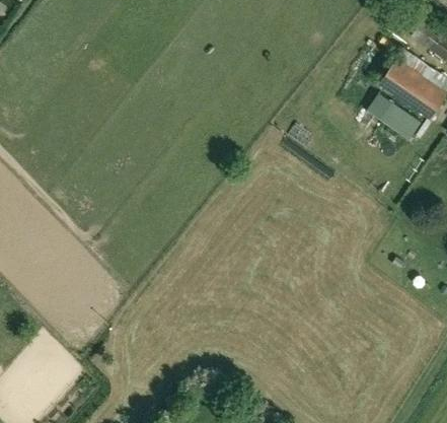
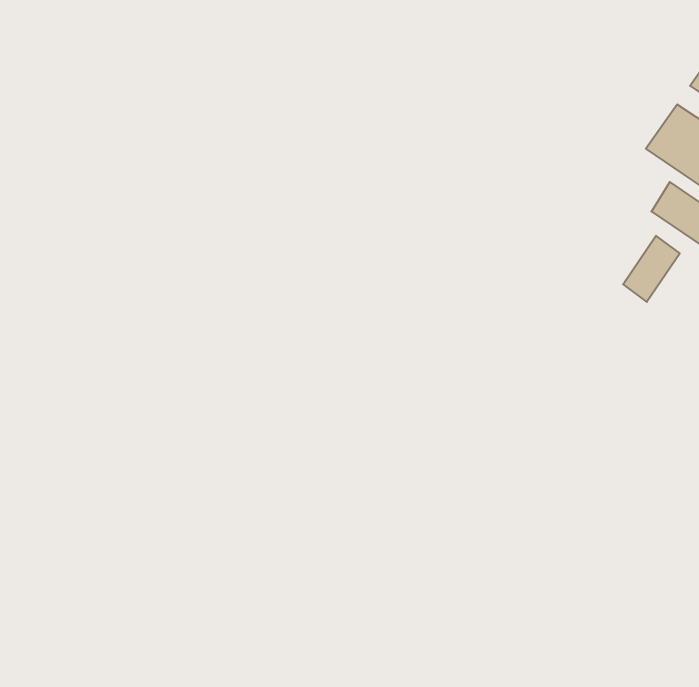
building: none -> [623,236,680,302]

